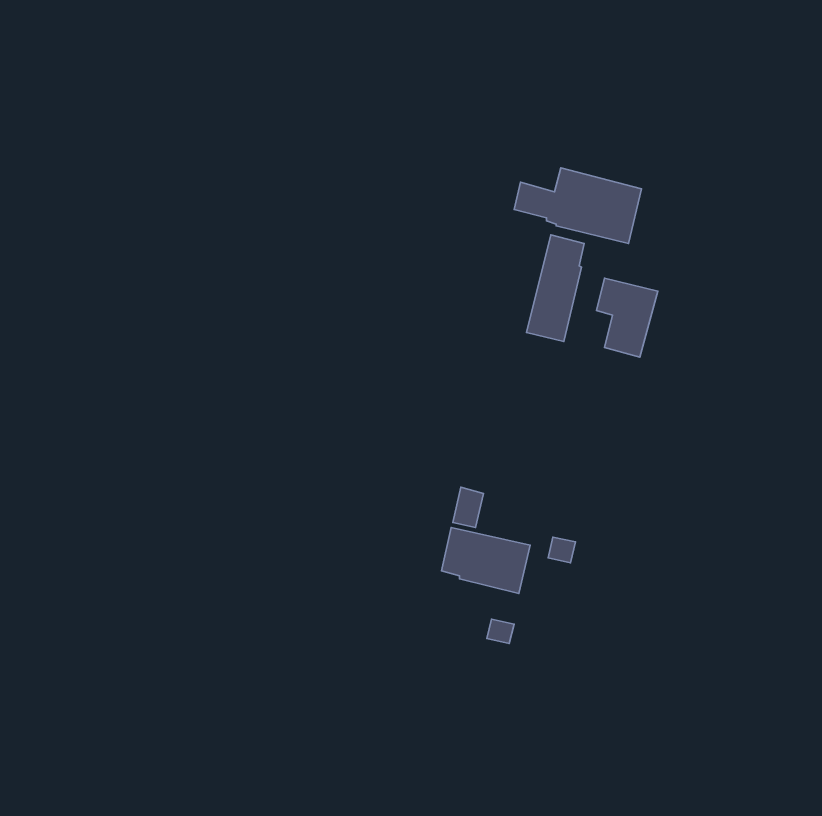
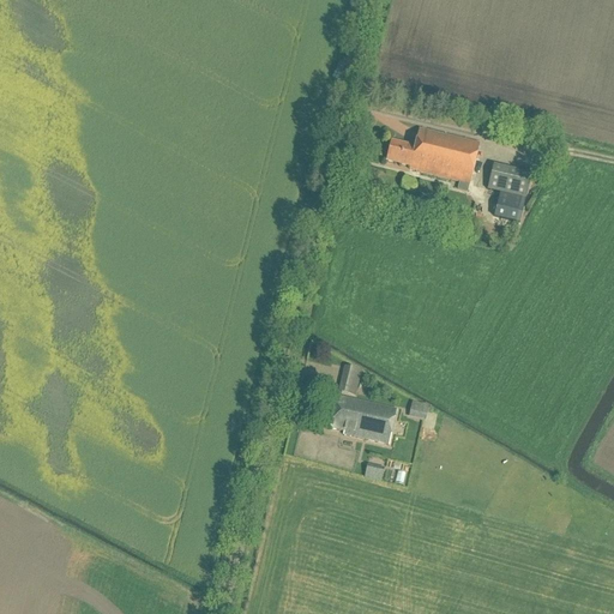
building: [526,235,584,342] -> none
building: [596,278,658,357] -> [492,162,537,221]

